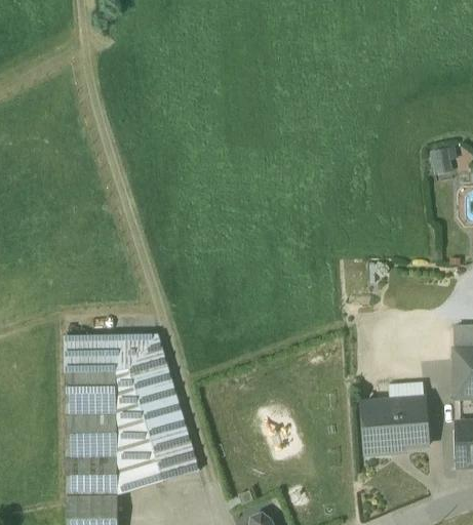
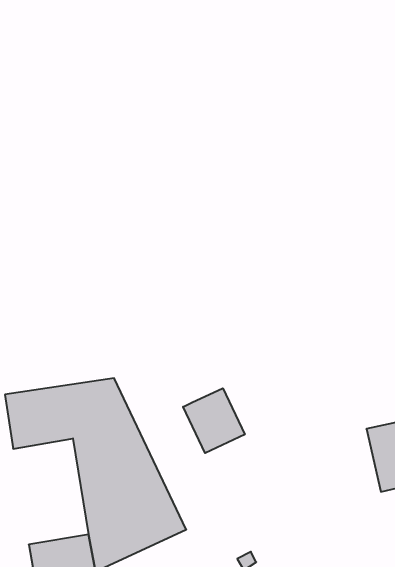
building: none -> [183,388,245,453]
building: [65,376,117,459] -> none

